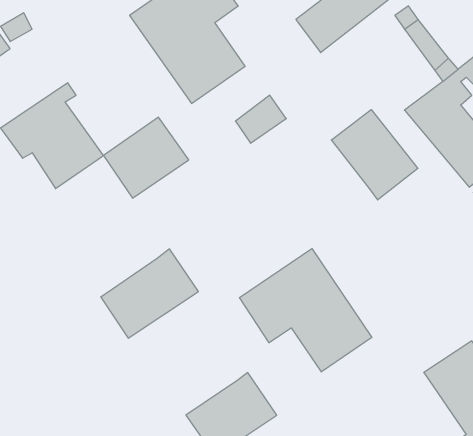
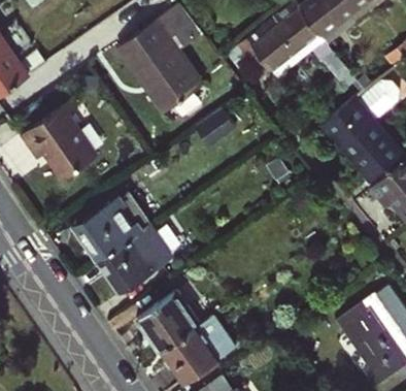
building: [331,110,418,200] -> none
building: [104,117,189,198] -> [75,200,139,261]
building: [239,249,372,372] -> none
building: none -> [137,292,199,352]

